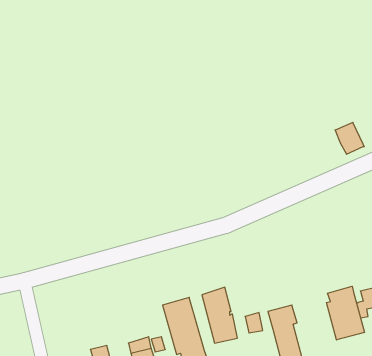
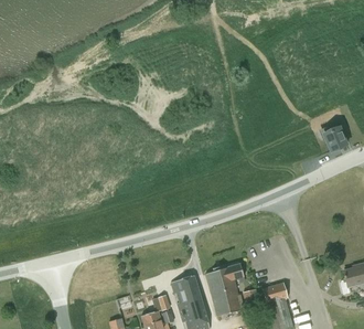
building: none -> [225,263,244,311]
building: [326,286,364,340] -> none

